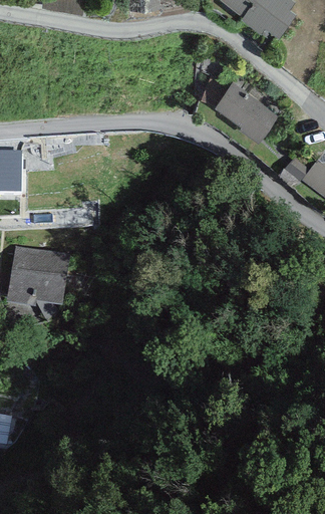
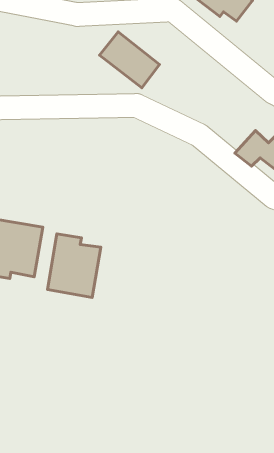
building: [211,78,275,139] -> [100,32,160,88]
building: none -> [47,234,101,297]

